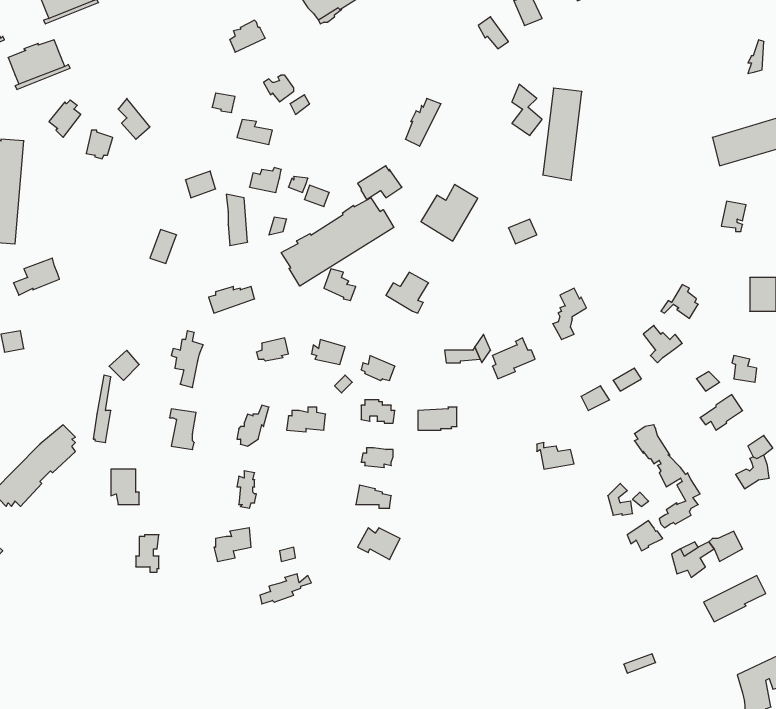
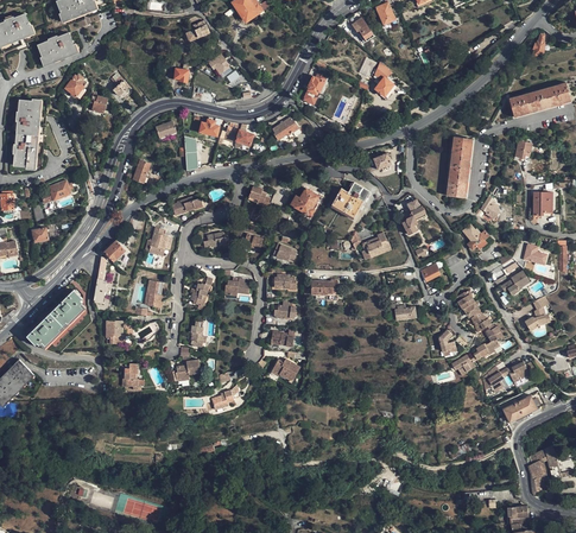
building: [543,88,582,180] -> [445,137,471,198]
building: [421,184,478,241] -> [330,182,368,220]
building: [281,198,394,286] -> none

